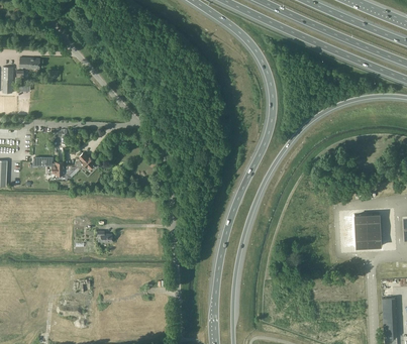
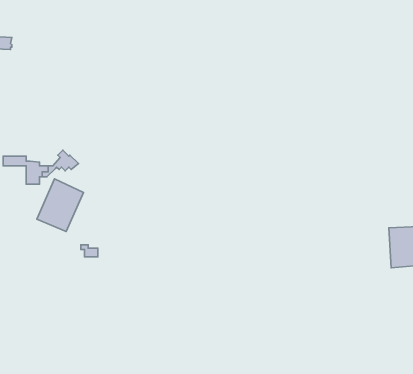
building: none -> [37,179,84,231]

